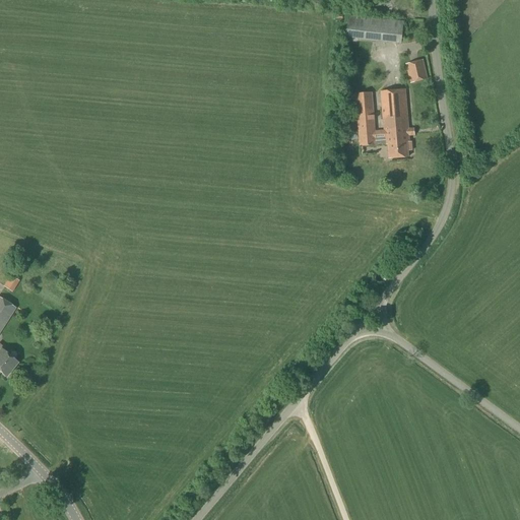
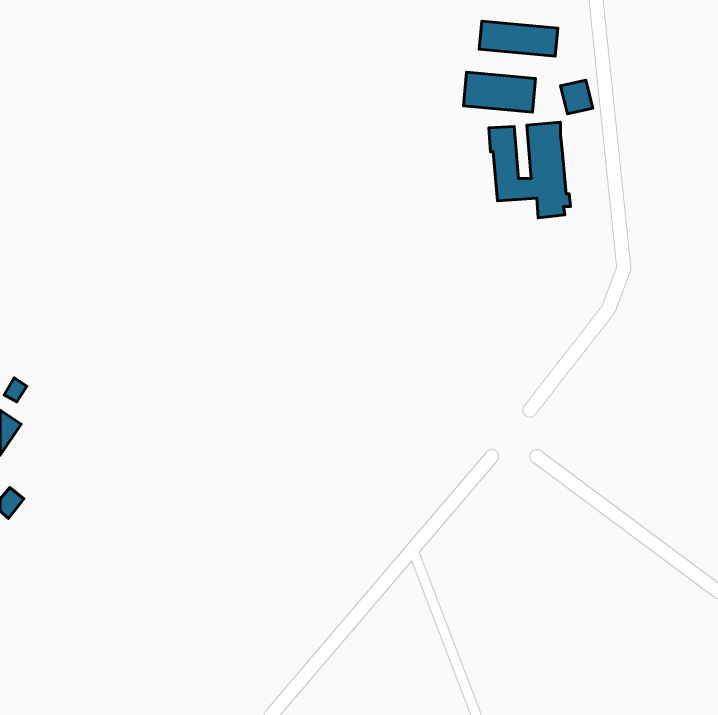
building: none -> [464,72,535,112]

